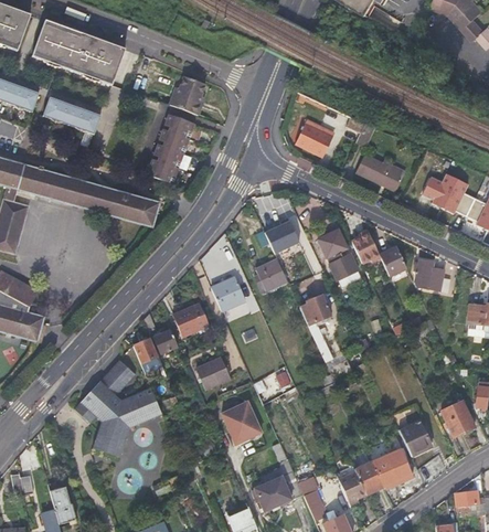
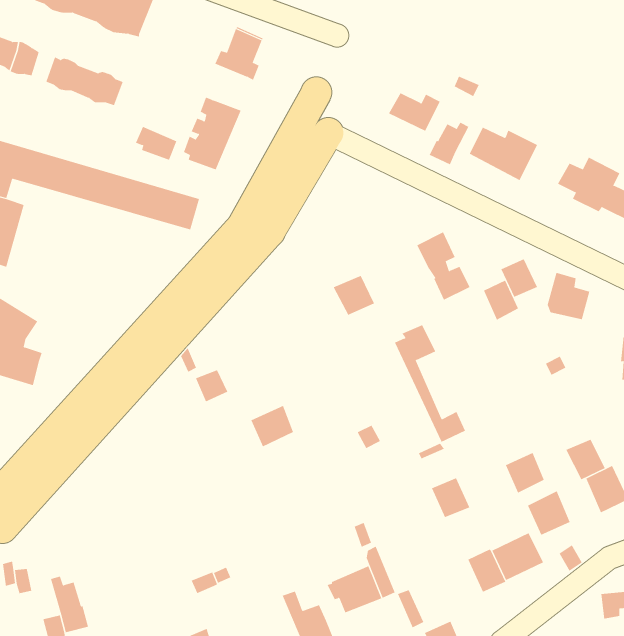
building: [163,113,194,138] -> [135,126,177,161]
building: none -> [429,122,469,165]
building: [265,221,300,253] -> none
building: [352,232,379,262] -> [483,280,519,320]
building: [212,274,245,308] -> none
building: [174,302,210,337] -> none
building: [134,337,163,373] -> none
building: [74,359,162,456] -> none
building: none -> [565,439,606,480]
building: none -> [505,452,545,494]
building: [216,400,261,446] -> none
building: [338,471,366,501] -> [431,478,470,518]

